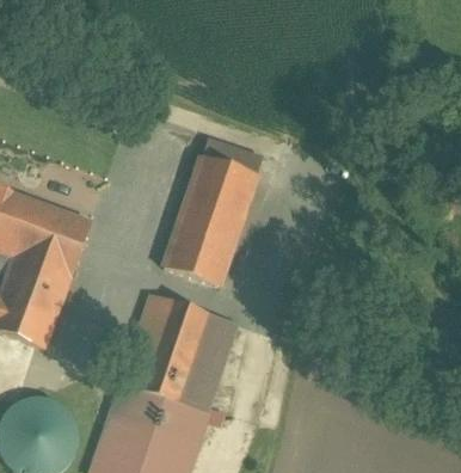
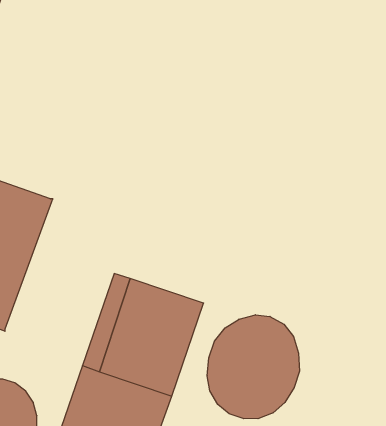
building: [165,137,264,285] -> none
building: none -> [207,315,300,419]

